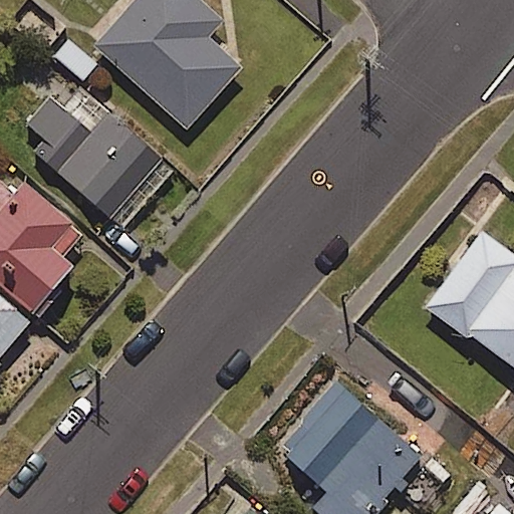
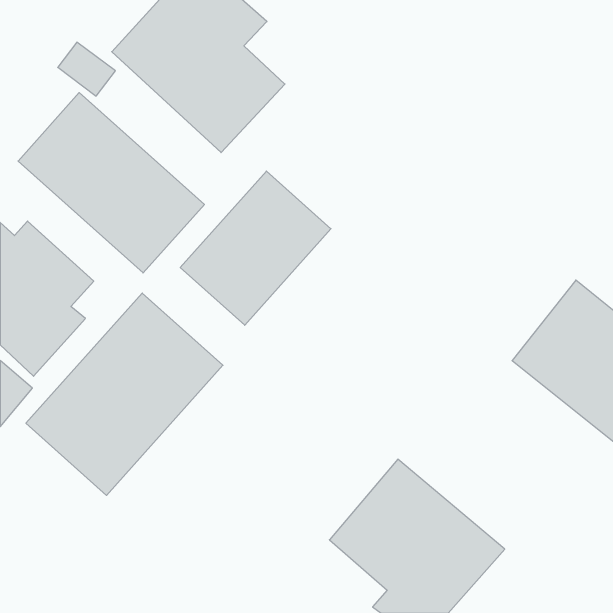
building: none -> [180,171,331,325]
building: none -> [26,293,223,495]

